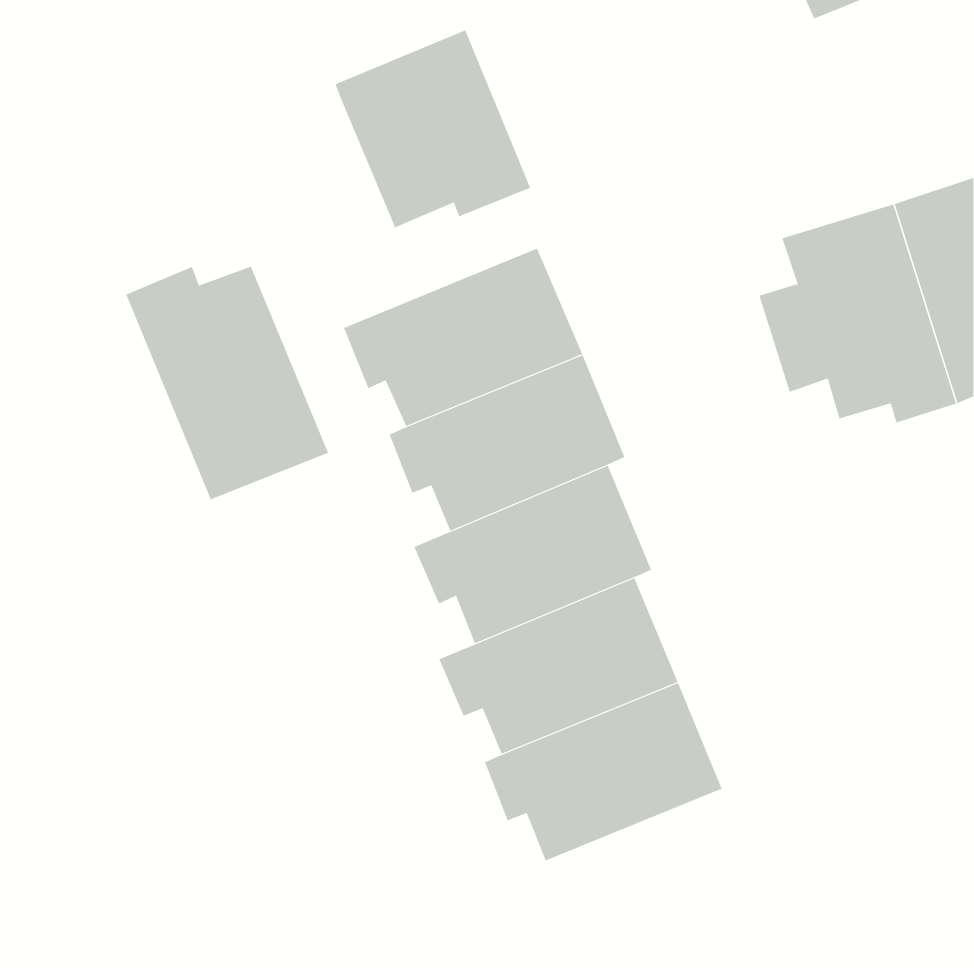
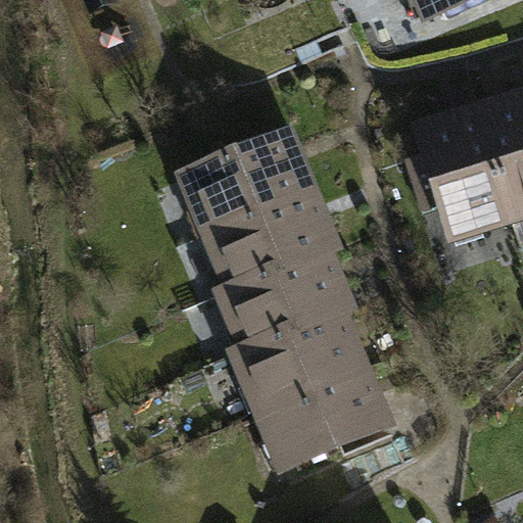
building: [335,30,531,228] -> none
building: [126,266,329,500] -> none

